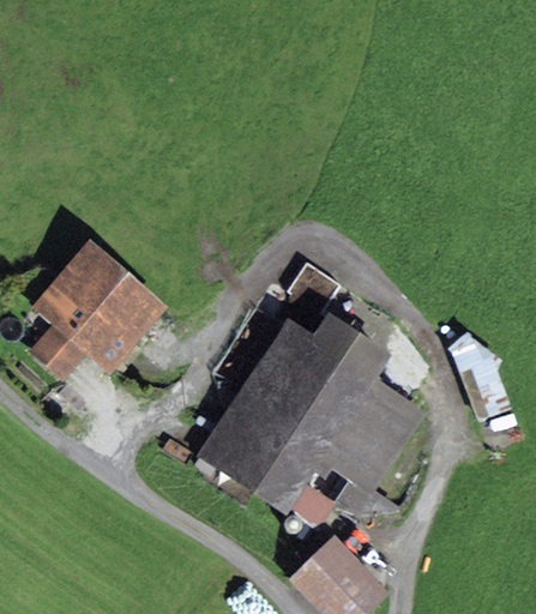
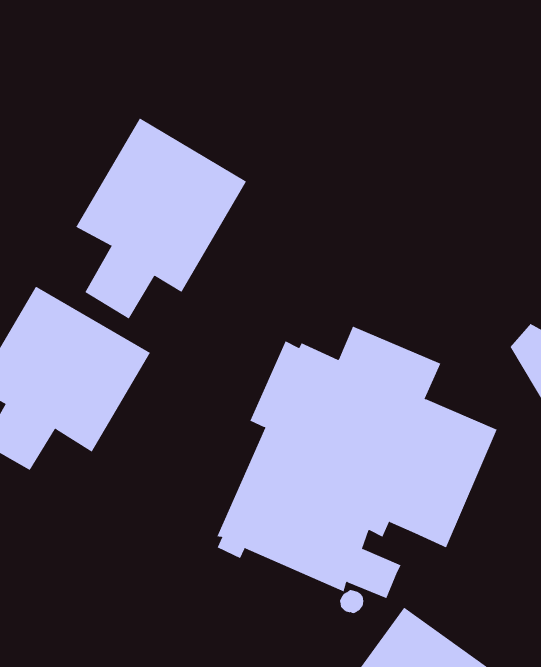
building: none -> [75,117,247,319]
building: [331,480,398,517] -> none

